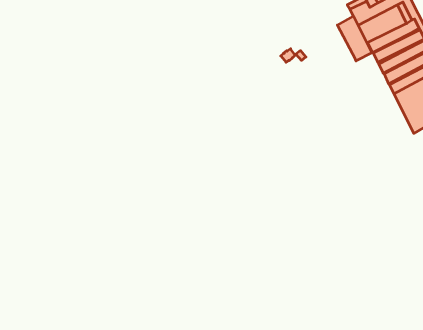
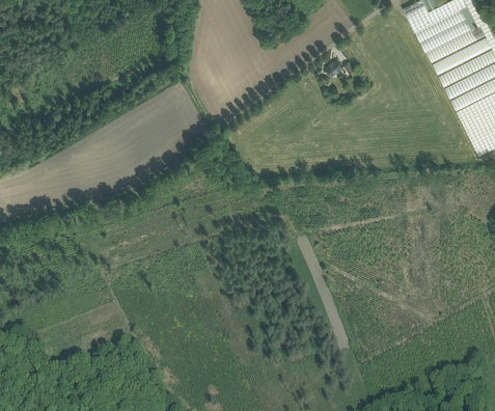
building: [337,16,372,61] -> none

